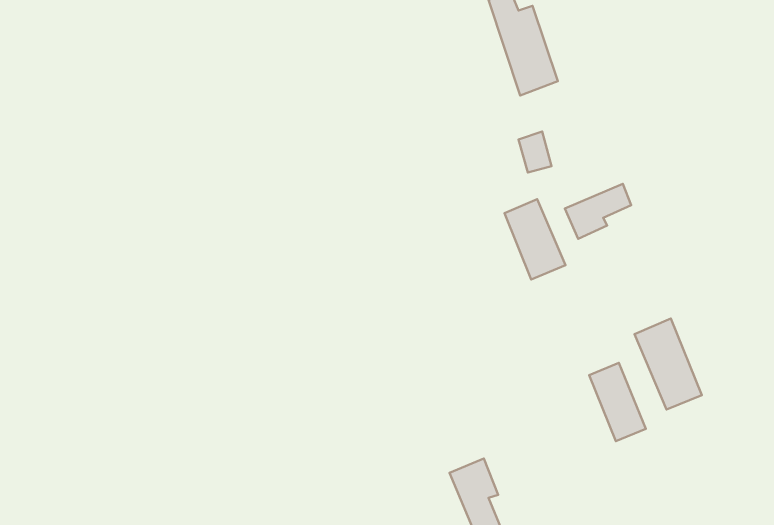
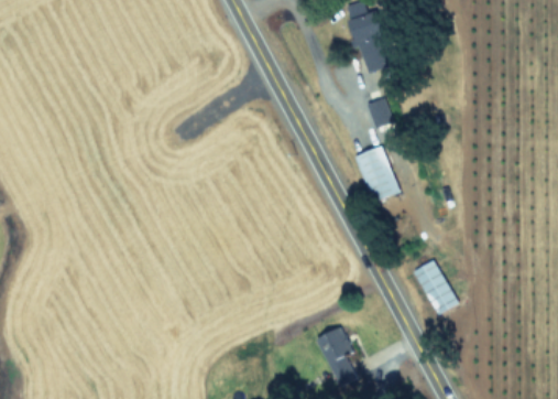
building: [565,184,631,239] -> none
building: [634,318,702,409] -> none

